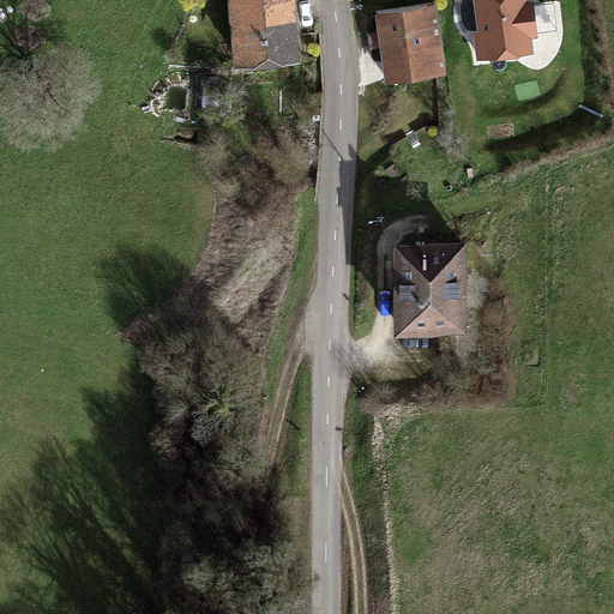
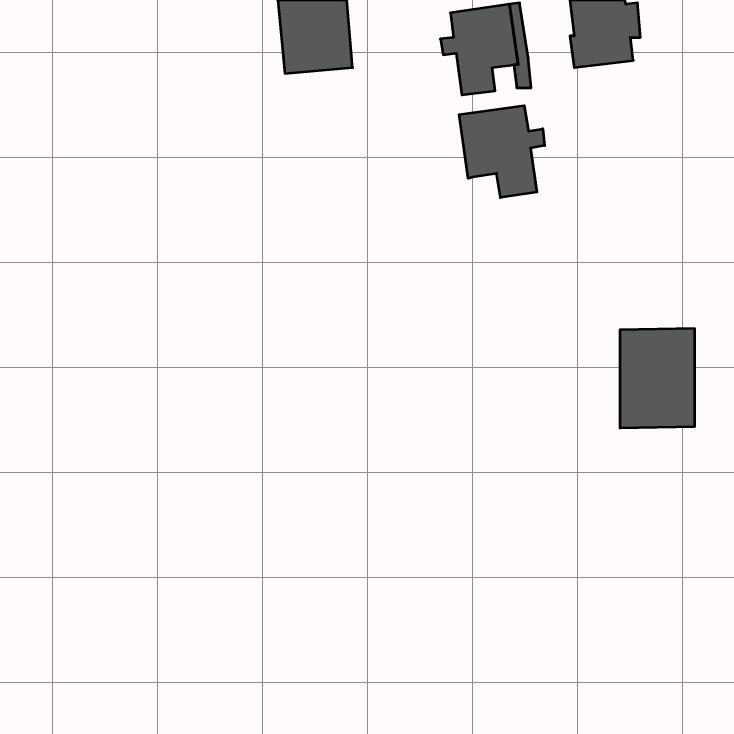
building: none -> [459,106,545,198]
building: [397,245,459,327] -> [620,329,695,428]

